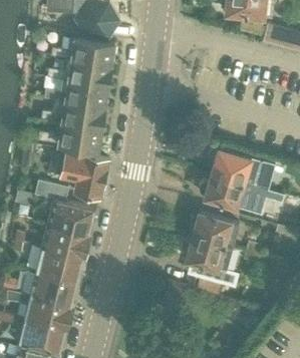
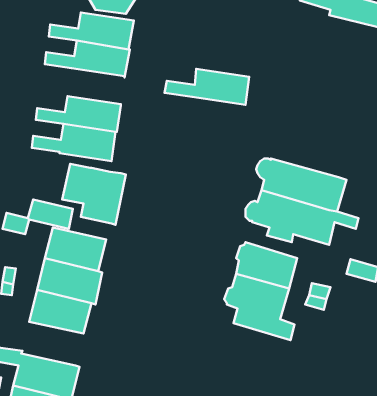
building: [43,80,107,107] -> [164,69,249,105]
building: [29,272,76,305] -> none

